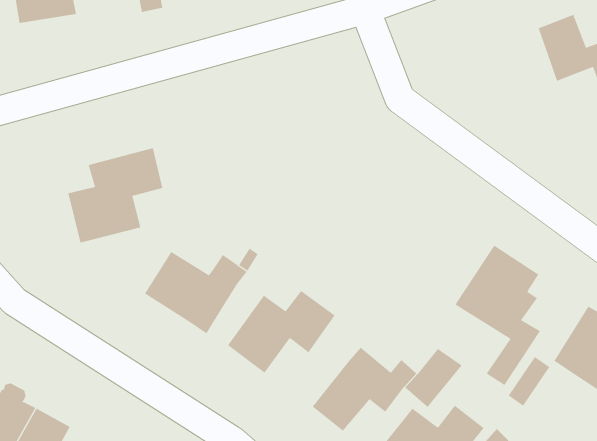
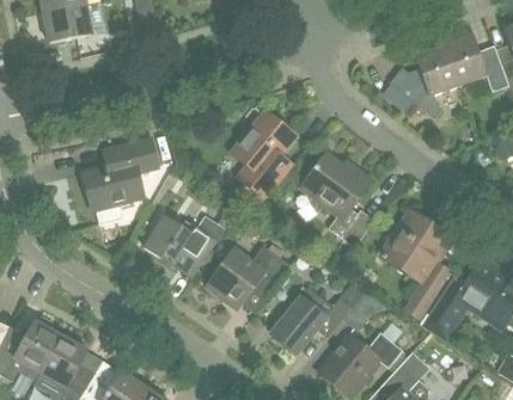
building: none -> [389,45,458,118]
building: none -> [233,112,294,211]
building: none -> [300,153,374,247]

